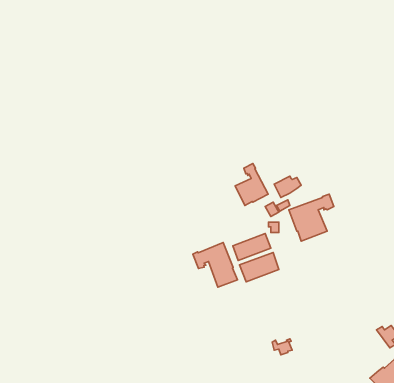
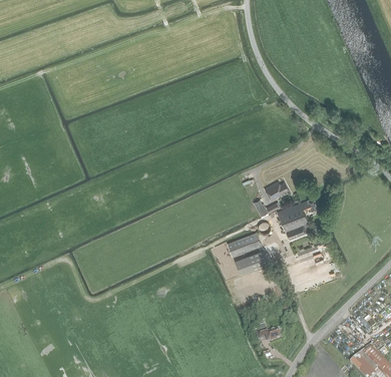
building: [235,163,268,206] -> none
building: [193,242,237,287] -> none

